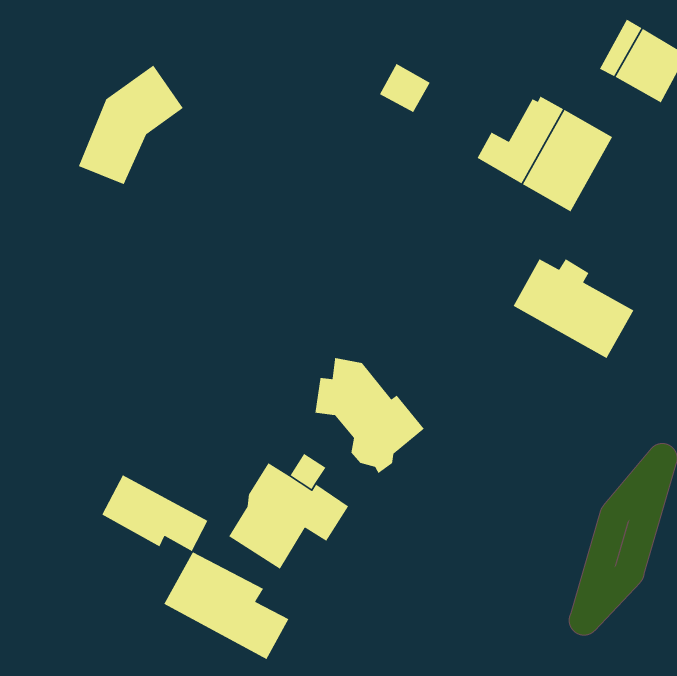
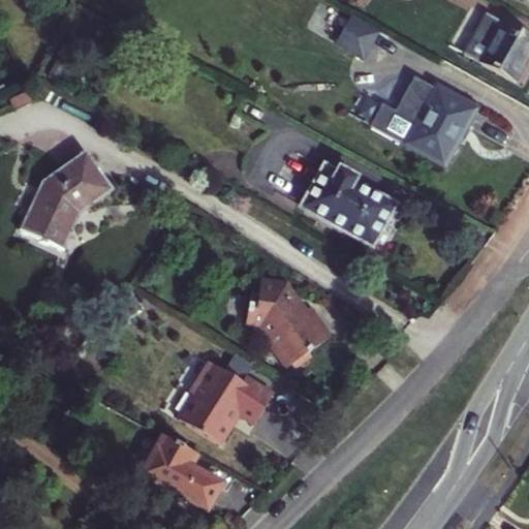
building: [379,63,431,113] -> [337,17,377,56]
building: [78,64,184,185] -> [26,151,108,245]
building: [513,258,635,359] -> [300,163,395,242]
building: [101,474,209,552] -> none

